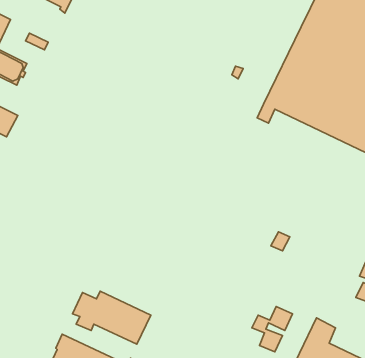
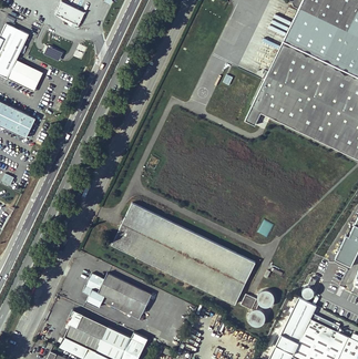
building: none -> [112,203,256,305]

